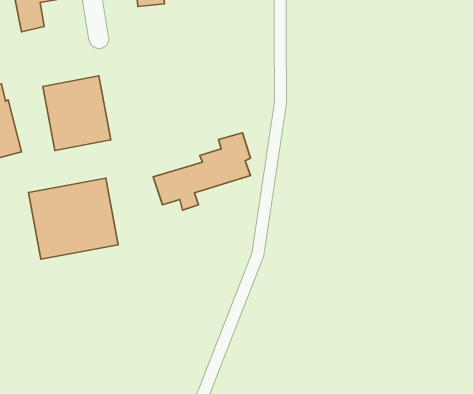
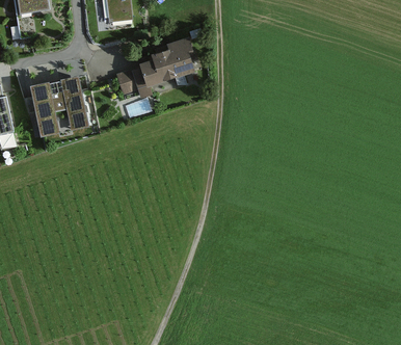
building: [153,133,251,210] -> [116,39,192,100]
building: [28,178,118,259] -> none

